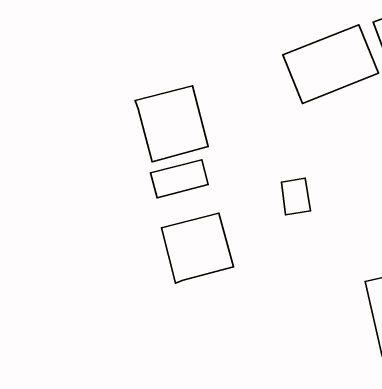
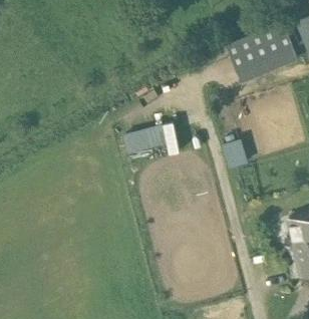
building: [135,86,208,162] -> none
building: [161,213,233,283] -> none

